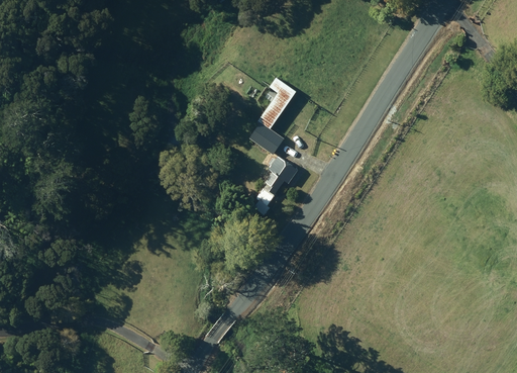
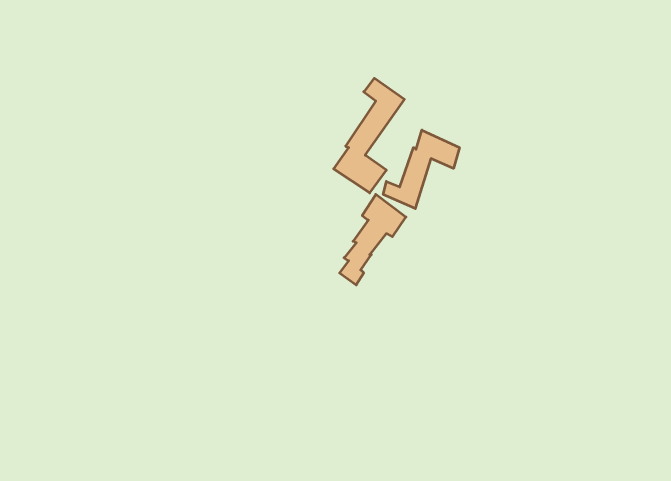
building: none -> [383,130,459,209]

